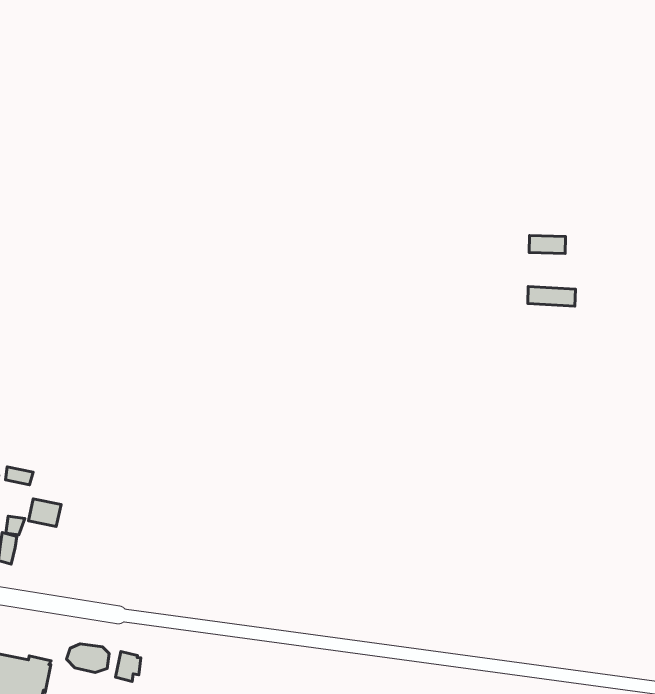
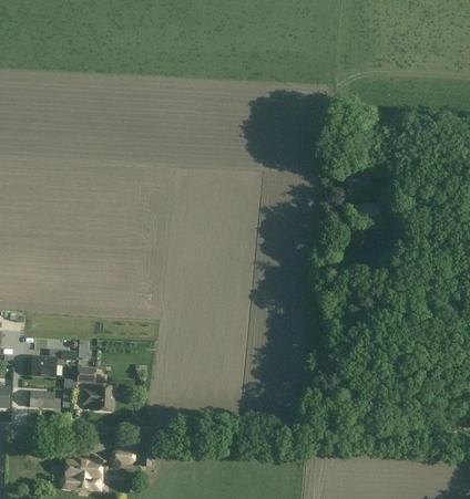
building: none -> [83,385,113,410]

